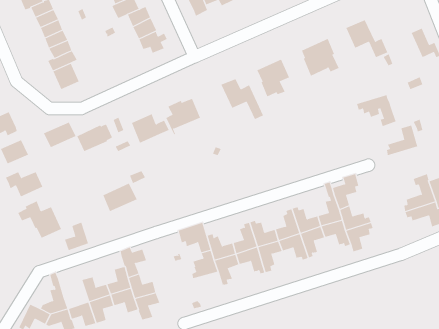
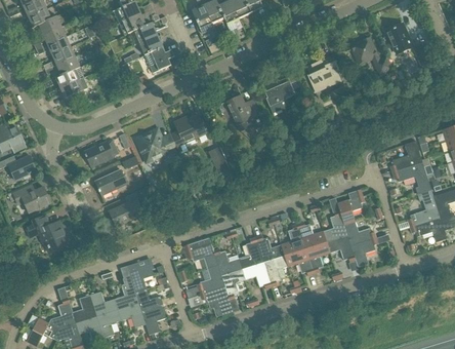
building: none -> [384,23,412,53]
building: [356,95,397,127] -> [390,162,430,194]
building: [43,122,76,148] -> [94,169,127,195]
building: [64,222,89,251] -> [71,295,95,323]
building: none -> [198,286,233,315]

